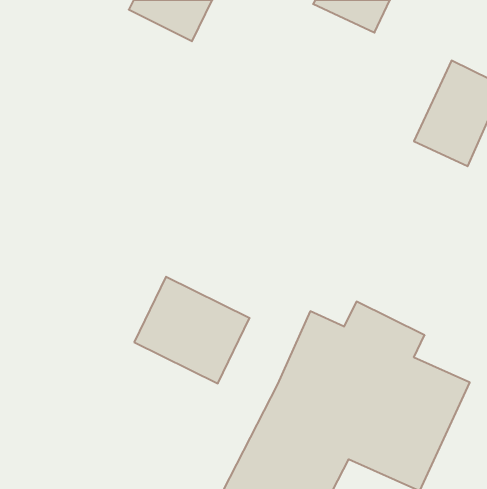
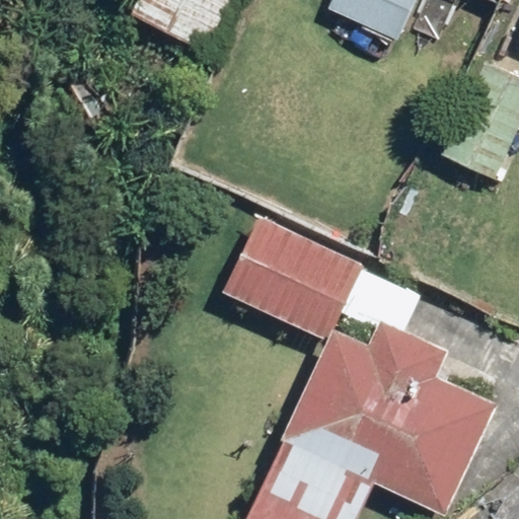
building: [134,277,250,383] -> [225,218,347,330]

